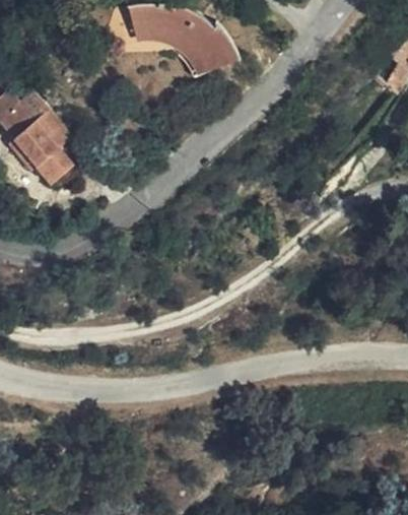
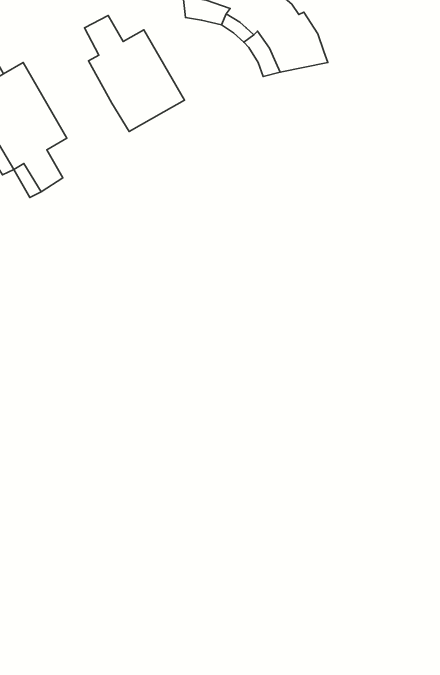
building: none -> [84,15,184,131]

